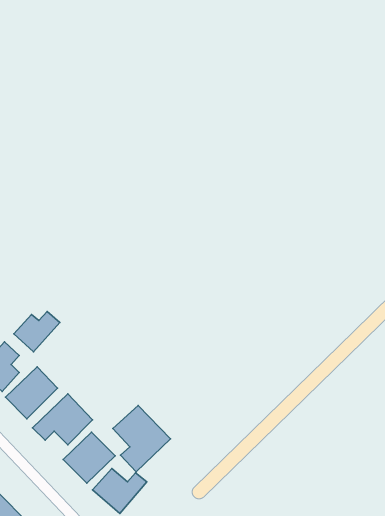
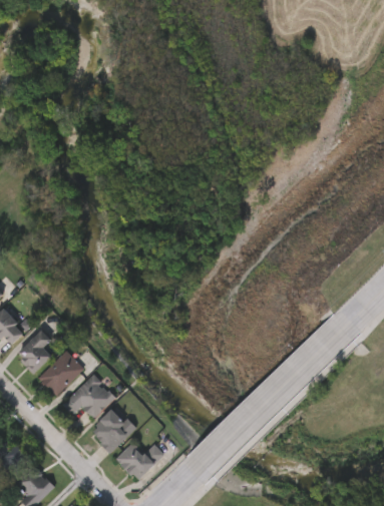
building: [14,311,60,352] -> none
building: [113,405,171,472] -> none

